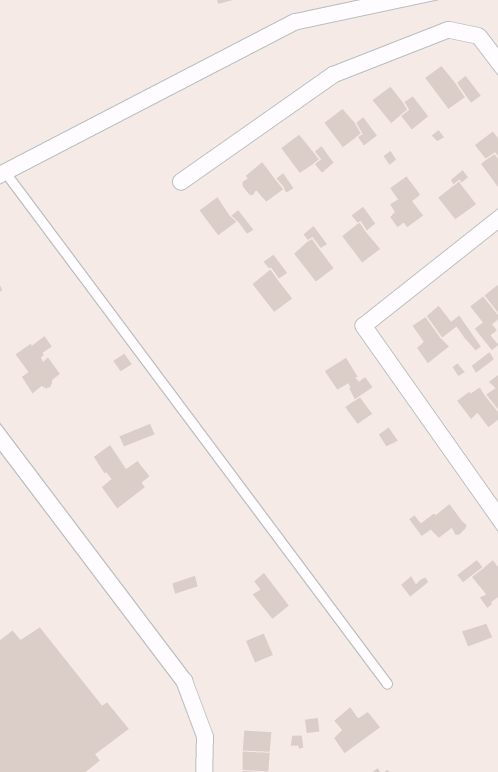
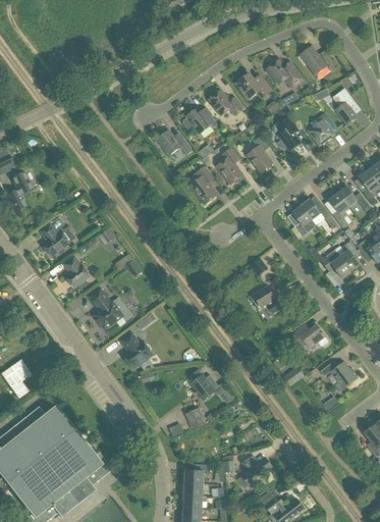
building: [324,357,374,400] -> [253,285,284,313]
building: none -> [63,257,89,288]
building: none -> [119,331,151,368]

